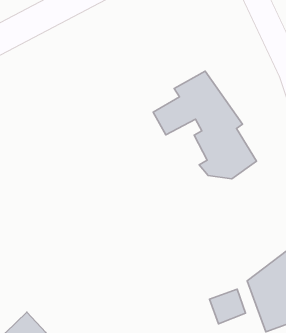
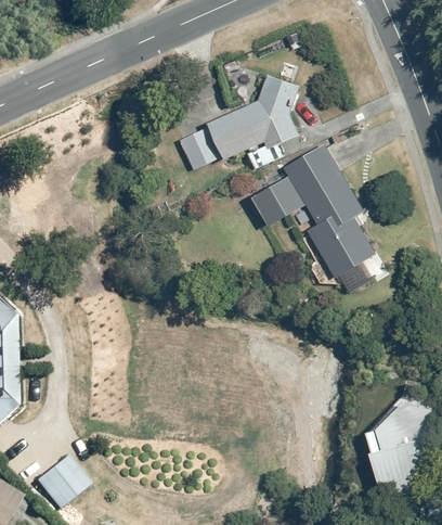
building: none -> [181,60,303,174]
building: [210,289,245,324] -> none

